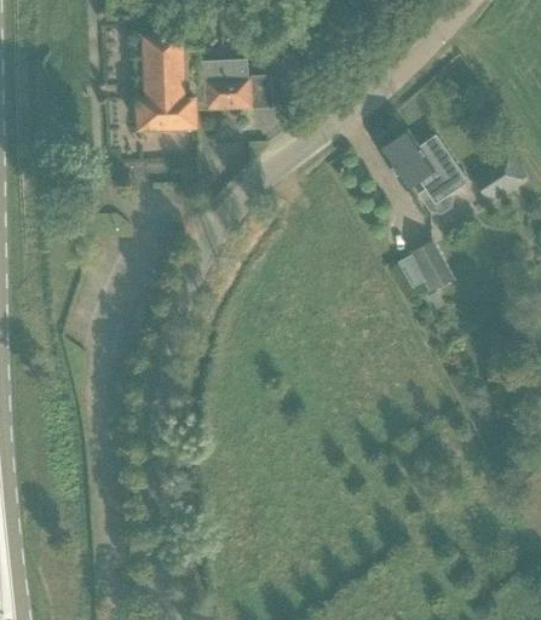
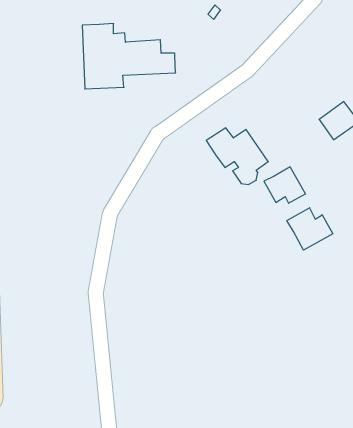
building: [380,132,468,213] -> [206,128,268,184]
building: none -> [287,208,333,250]

